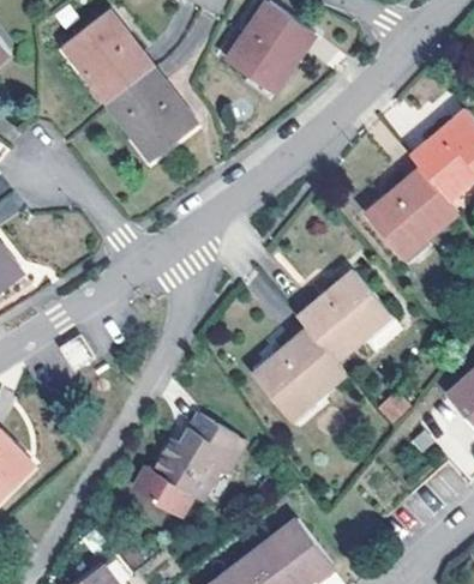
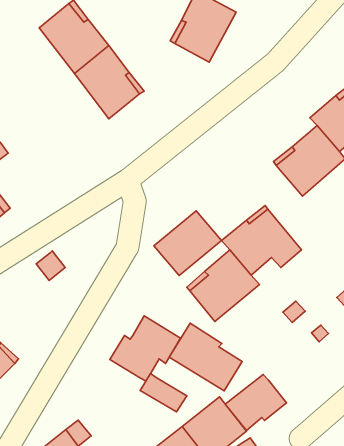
building: none -> [154,211,221,276]
building: none -> [169,323,242,391]
building: [133,466,193,516] -> [140,374,187,412]
building: none -> [225,374,287,431]

